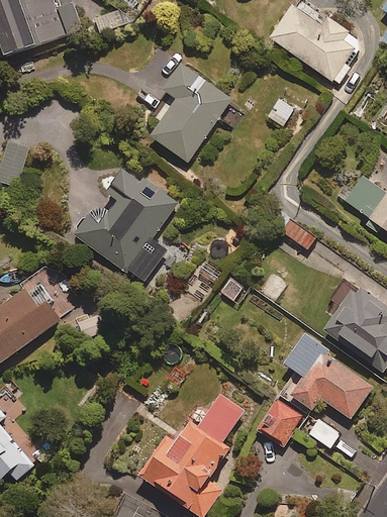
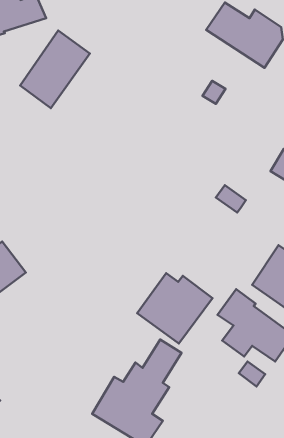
building: [151,73,230,162] -> [20,31,90,108]
building: [73,172,176,283] -> none
building: none -> [137,273,213,343]
building: [258,398,302,444] -> none

